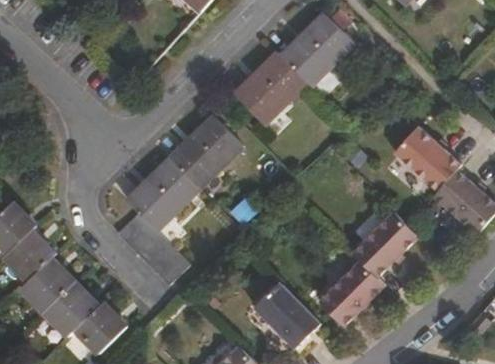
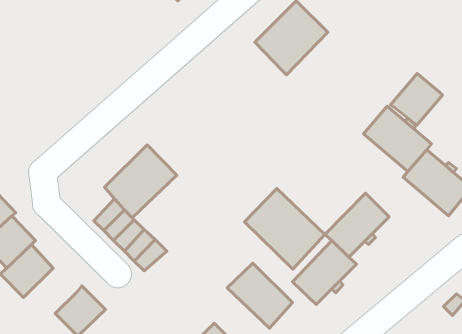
building: [234,53,307,127] -> none
building: none -> [391,73,443,125]
building: [170,119,242,191] -> none
building: none -> [245,188,325,269]
building: [45,285,99,339] -> none

